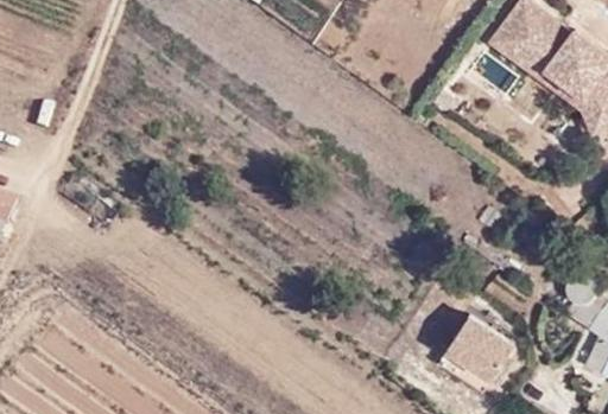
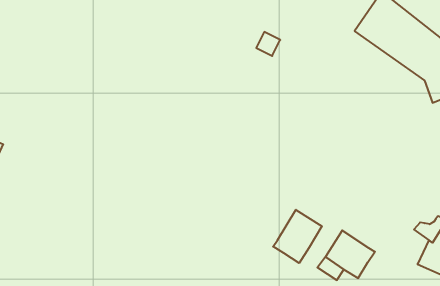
building: none -> [273,210,322,263]

